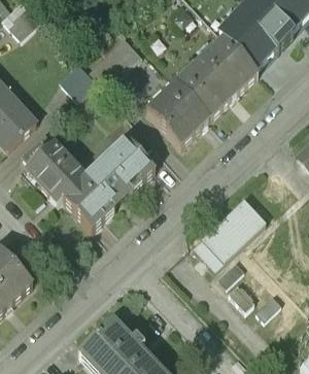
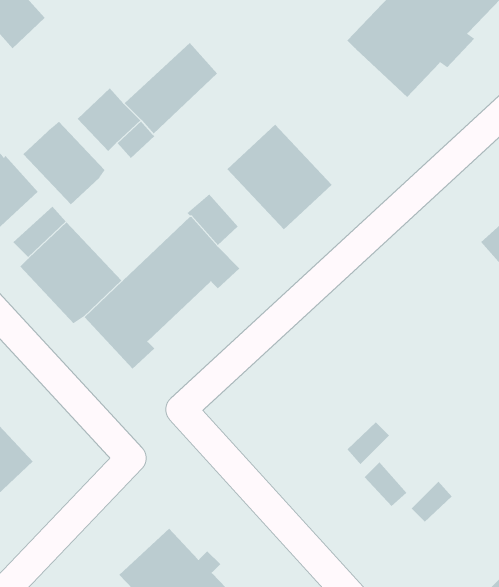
building: [175,39,258,120] -> none
building: none -> [23,121,106,205]
building: [193,199,265,269] -> none

